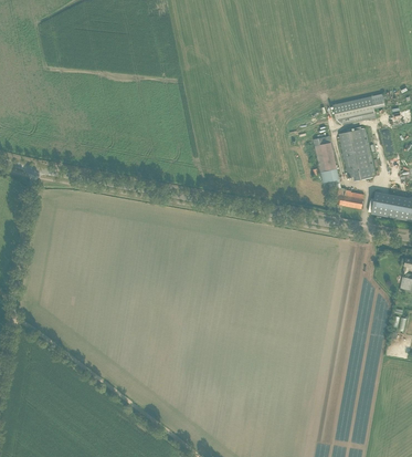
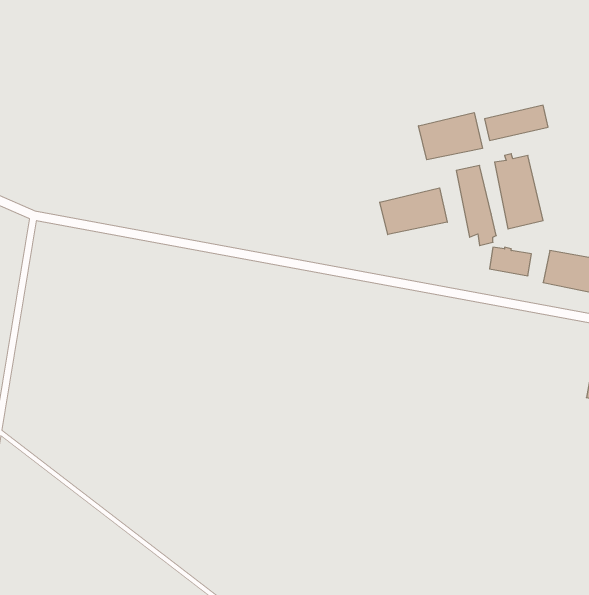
building: none -> [419,113,482,160]
building: none -> [380,188,447,235]

